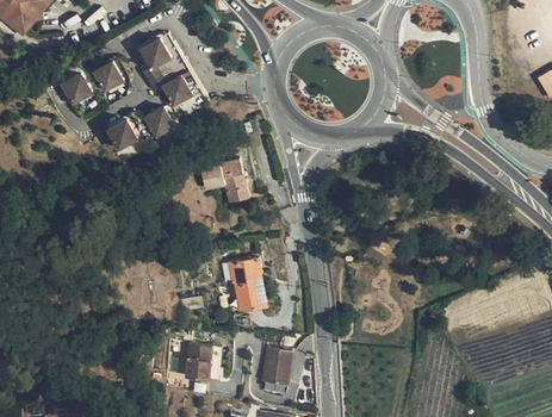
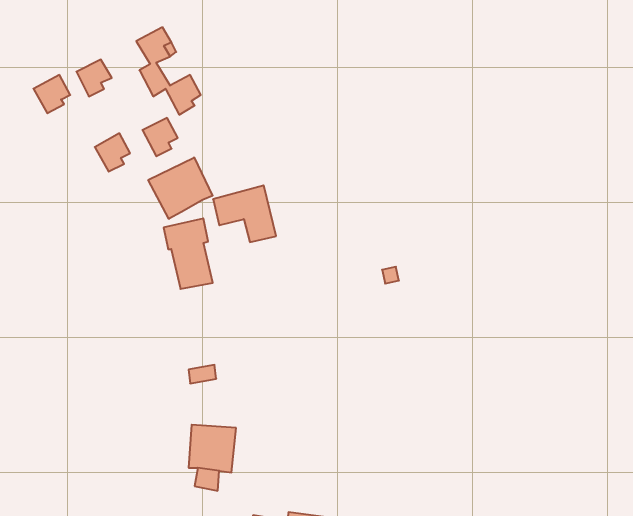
building: none -> [148,157,213,219]
building: [228,256,266,311] -> [164,218,213,289]
building: [261,347,291,385] -> none

